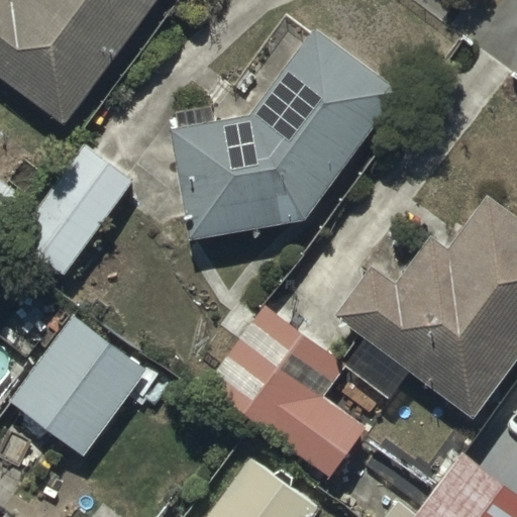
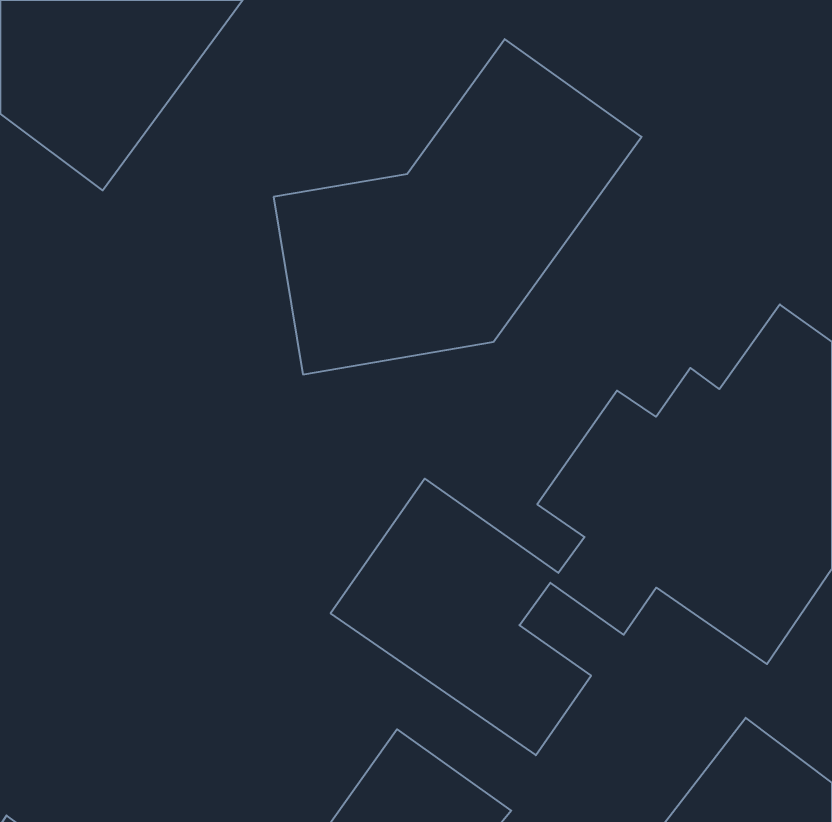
building: [17,145,133,276] -> none
building: [9,315,172,463] -> none

